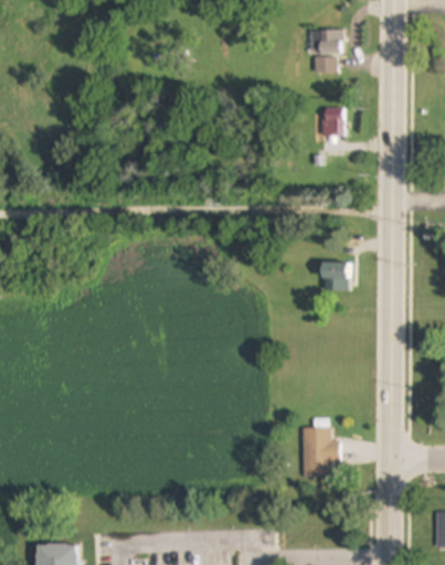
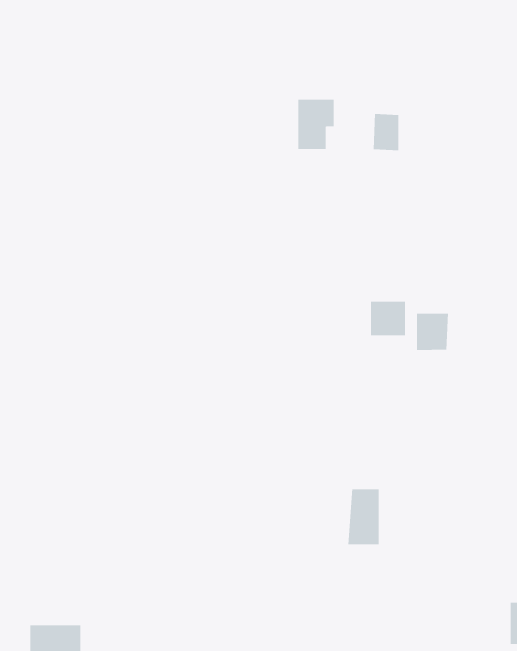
building: [314,31,345,73] -> [297,99,335,150]
building: none -> [417,313,448,351]

